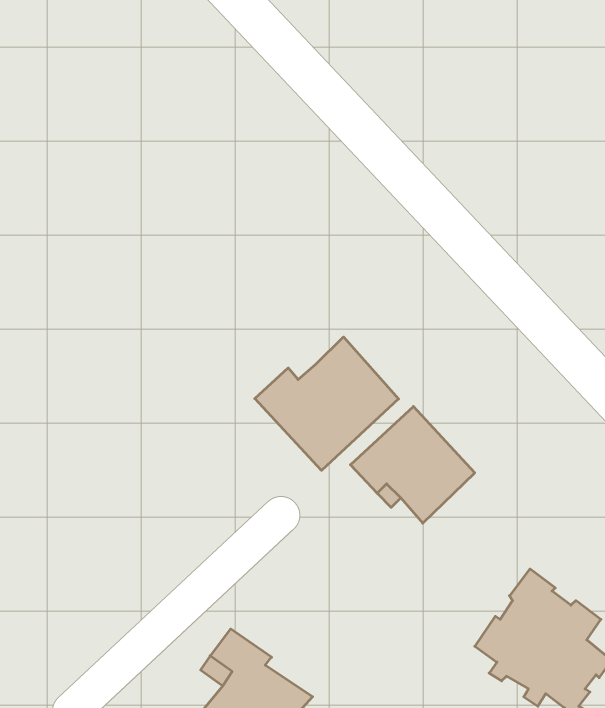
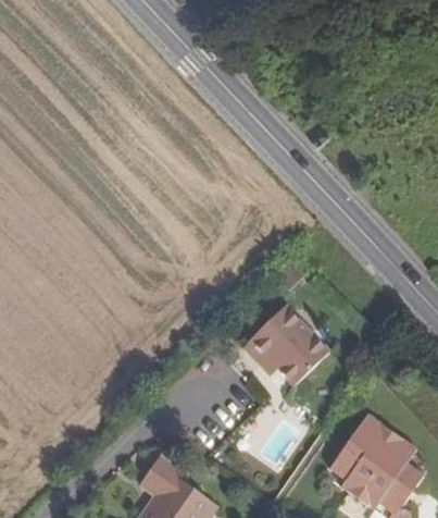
building: [255,337,399,470] -> none

